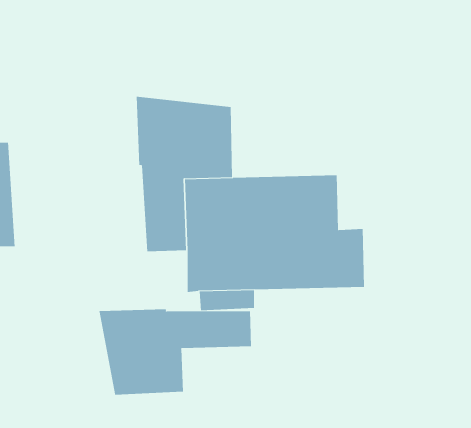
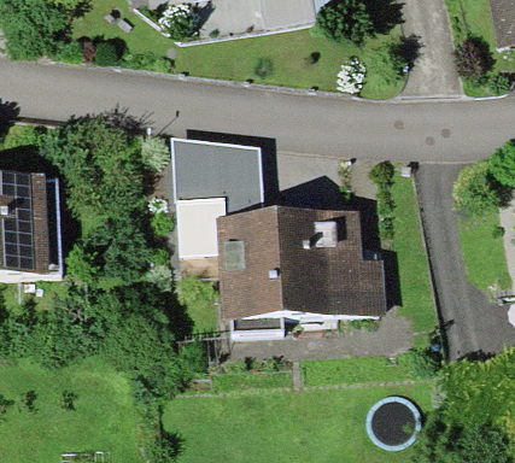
building: [99,309,252,395] -> none

